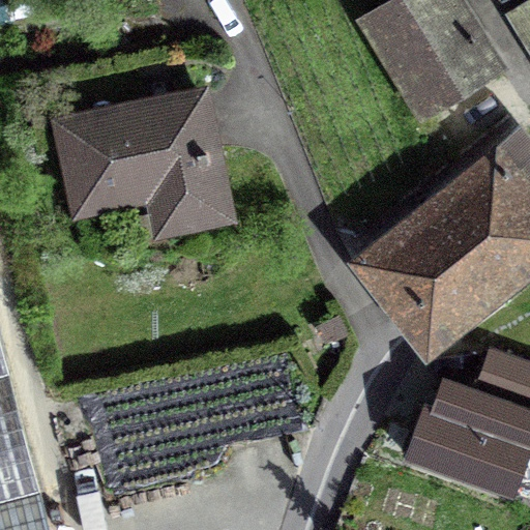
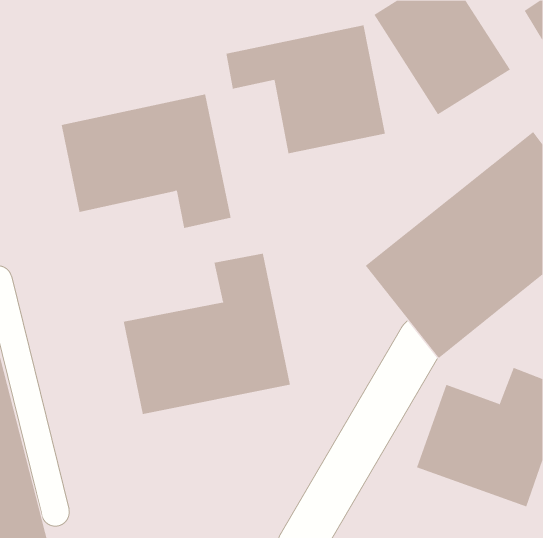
building: none -> [226,24,386,154]
building: none -> [123,253,291,415]

